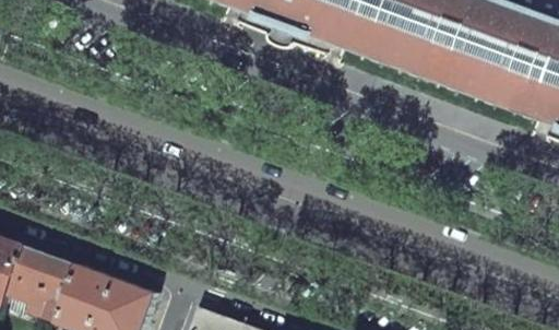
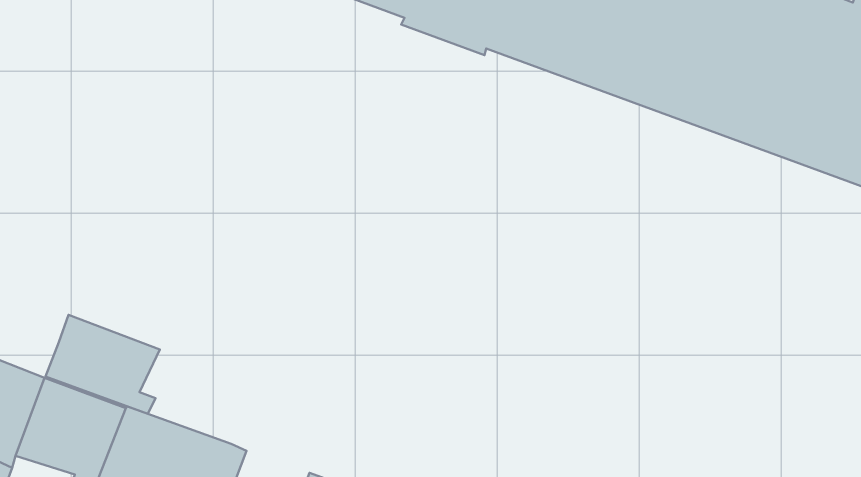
building: none -> [45,315,160,414]

